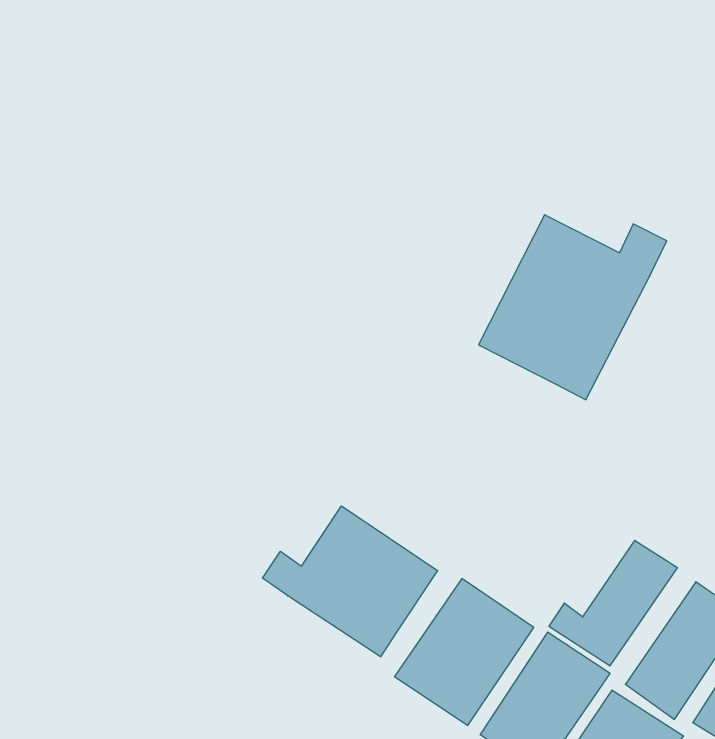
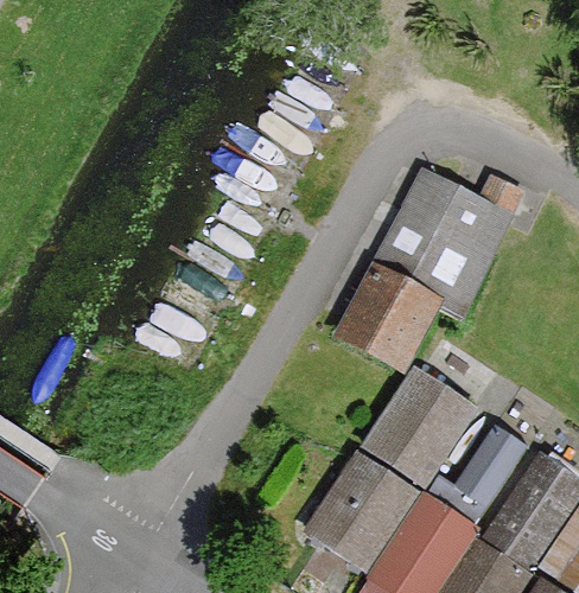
building: none -> [339,273,433,366]
building: none -> [365,372,469,483]
building: [262,506,438,657] -> none

